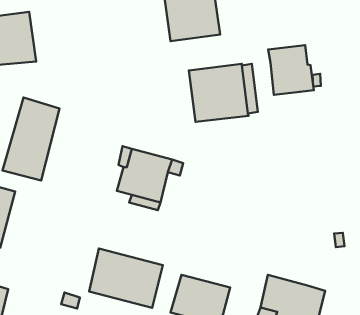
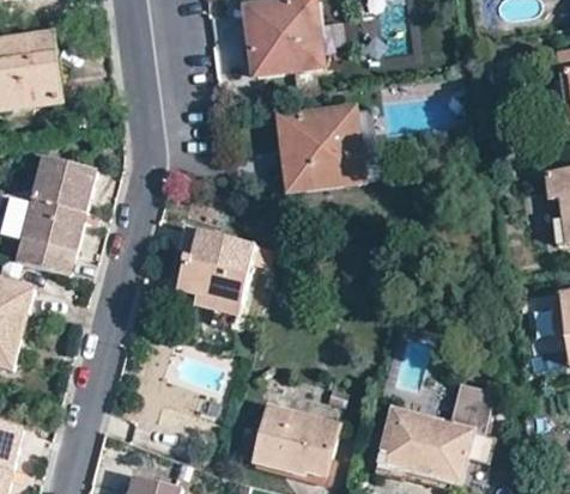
building: [268,45,314,95] -> none
building: [89,248,163,308] -> none
building: none -> [448,394,491,432]

